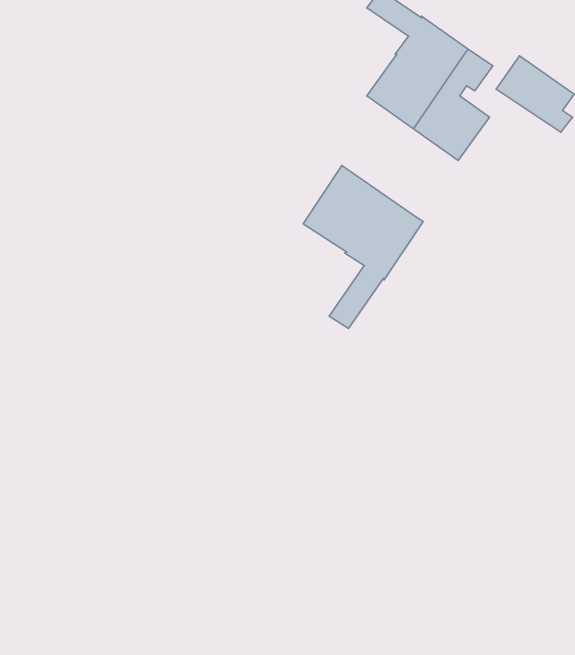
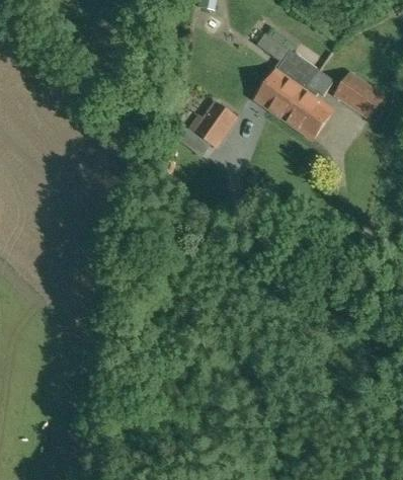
building: none -> [188,102,235,145]
building: [303,165,423,329] -> none

